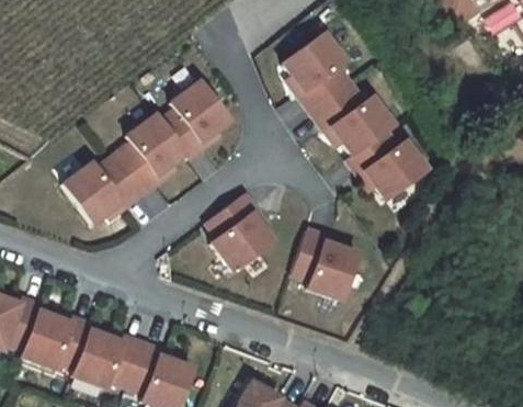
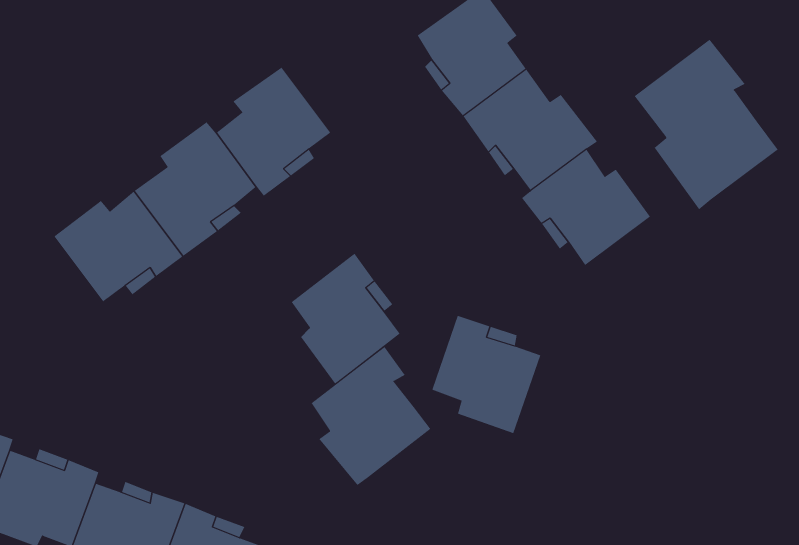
building: none -> [634,39,778,210]
building: none -> [311,346,431,486]

